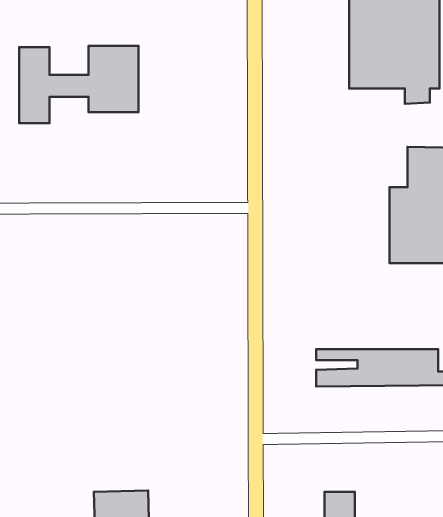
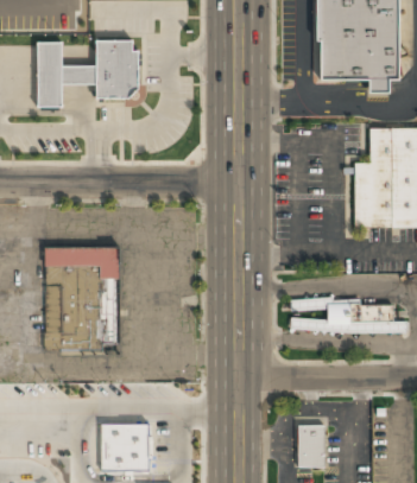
building: none -> [44,247,119,350]

